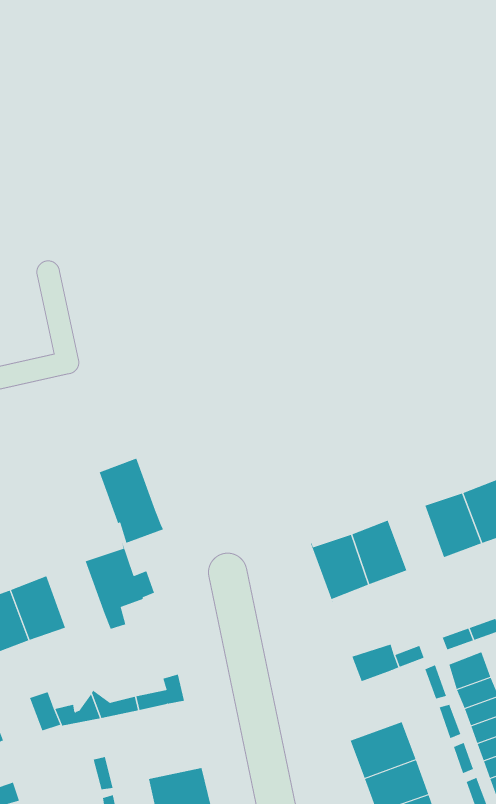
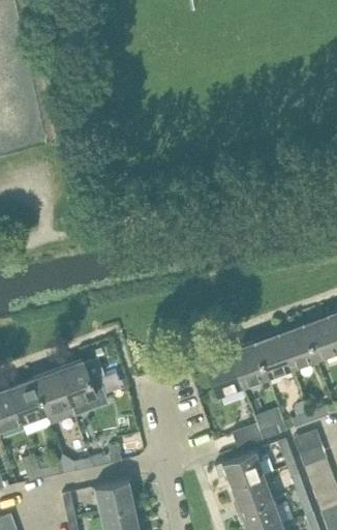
building: [99,458,164,544] -> [33,371,75,426]
building: none -> [255,334,292,377]
building: none -> [215,450,265,488]
building: none -> [94,480,134,512]

